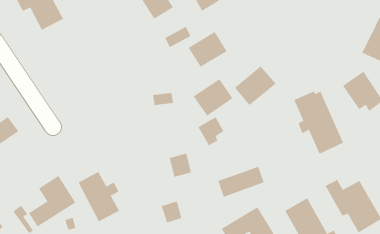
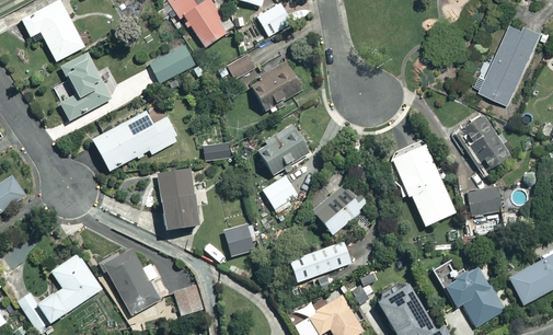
building: none -> [150,44,196,84]
building: none -> [60,53,112,120]
building: [234,65,276,106] -> [312,181,368,234]
building: none -> [93,112,178,171]
building: none -> [158,169,197,228]
building: none -> [468,189,499,215]
building: [161,201,182,223] -> [174,285,203,314]

